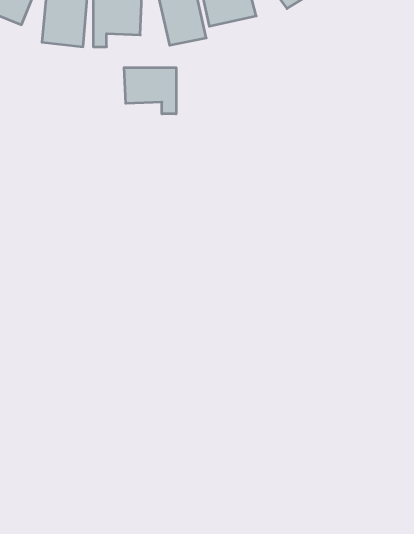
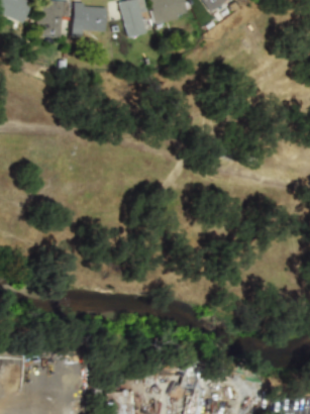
building: [124,68,176,114] -> none

